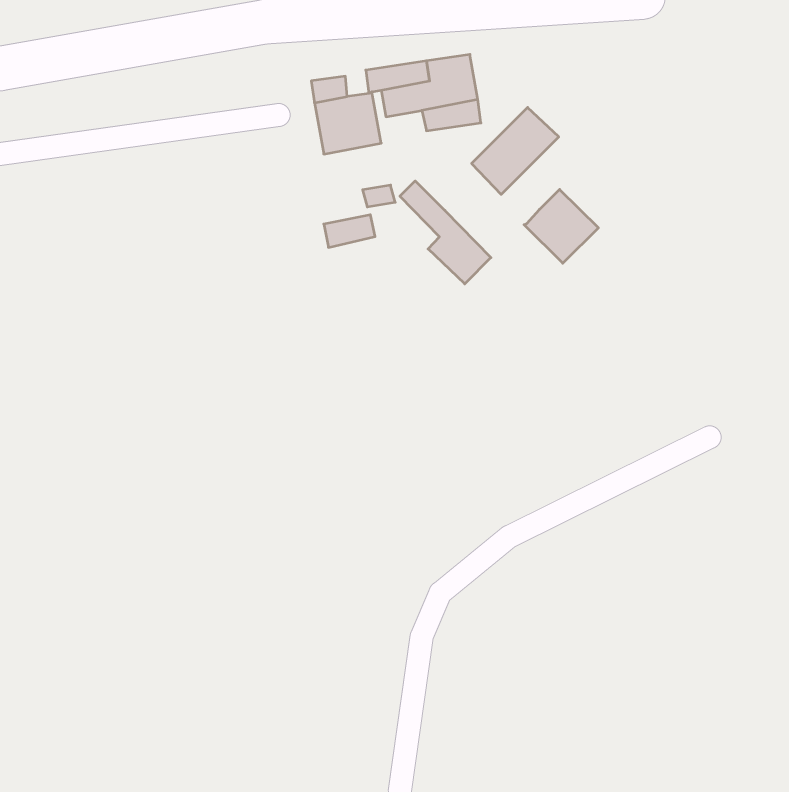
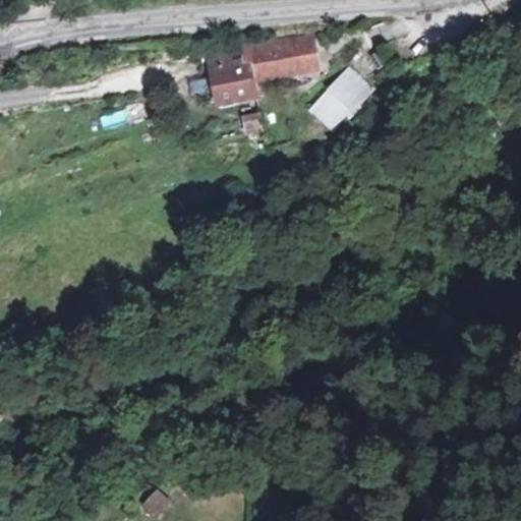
building: [400,181,491,284] -> none
building: [524,189,598,263] -> none

